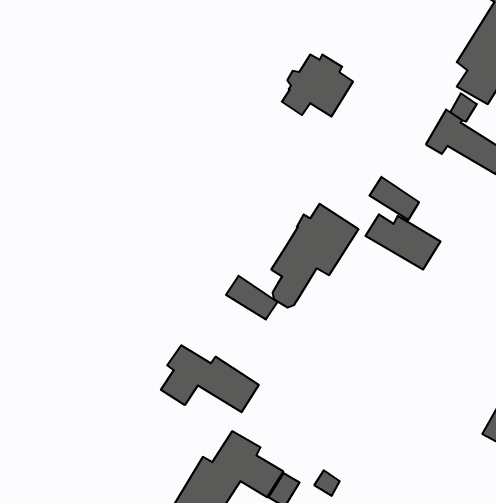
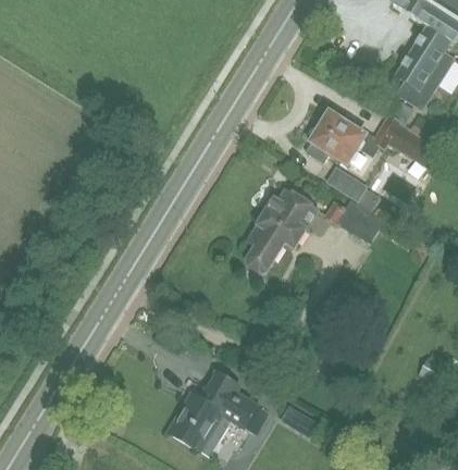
building: [282,55,353,117] -> [306,113,363,163]
building: [226,276,278,320] -> none
building: [161,345,259,412] -> none

